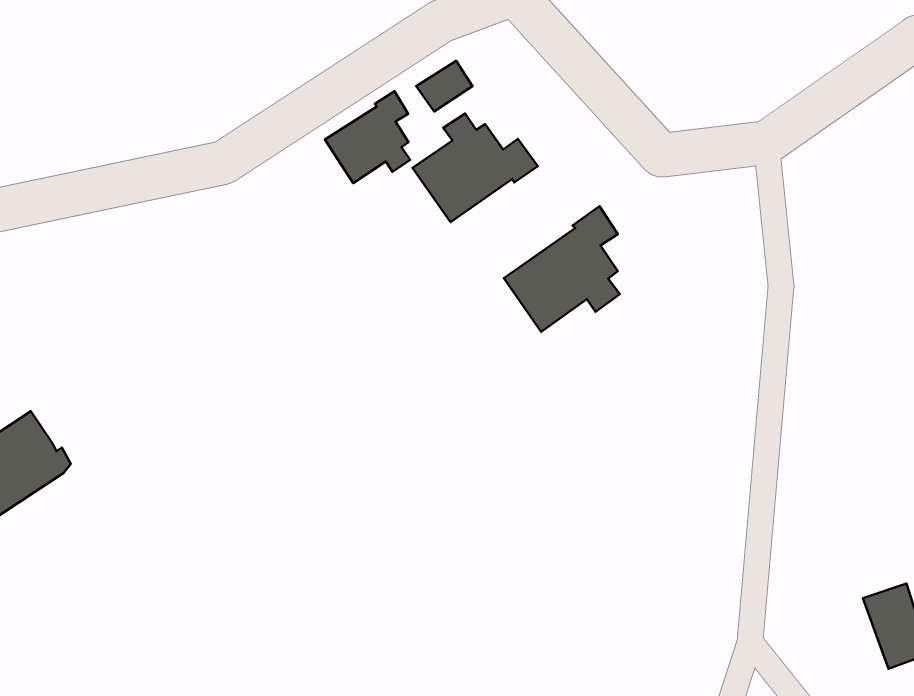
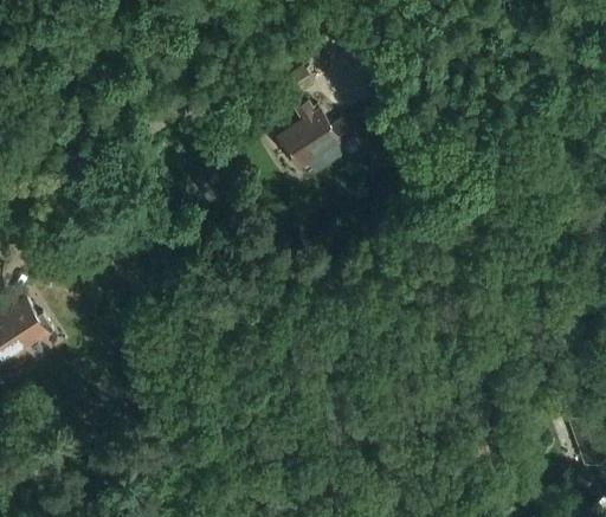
building: [325,91,410,183] -> none
building: [504,206,620,332] -> none

